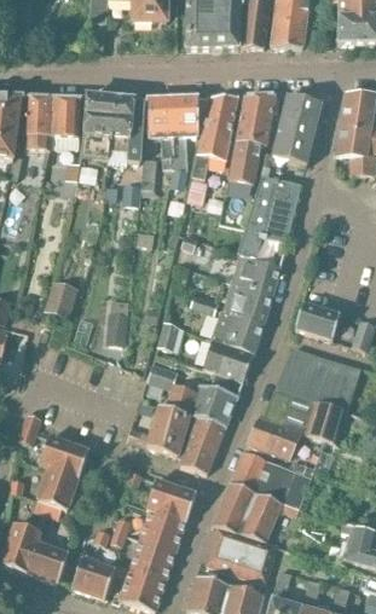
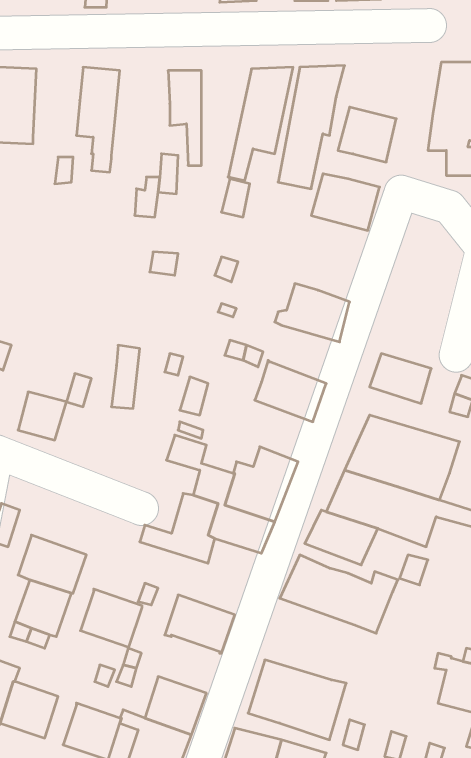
building: [280,93,322,133] -> none
building: [51,97,81,146] -> none
building: [173,97,197,167] -> none
building: [108,98,145,164] -> none
building: [237,203,294,257] -> none
building: [45,280,80,315] -> [18,392,66,440]
building: [222,283,273,325] -> none
building: [202,337,254,382] -> none
building: [178,438,216,473] -> none
building: [212,481,284,540] -> none
building: [141,508,186,550] -> [80,589,142,647]

